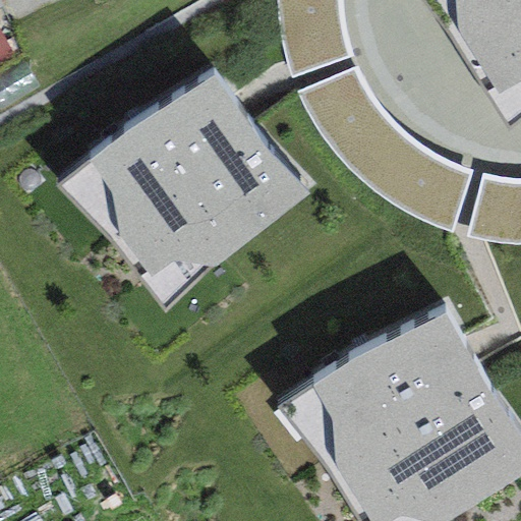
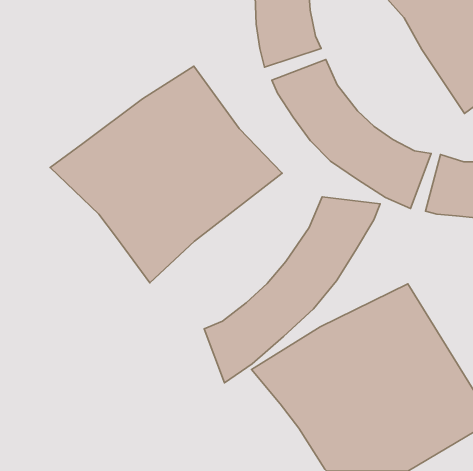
building: none -> [204,197,380,383]

